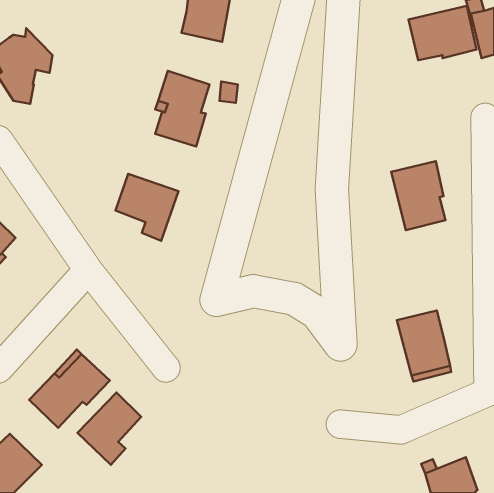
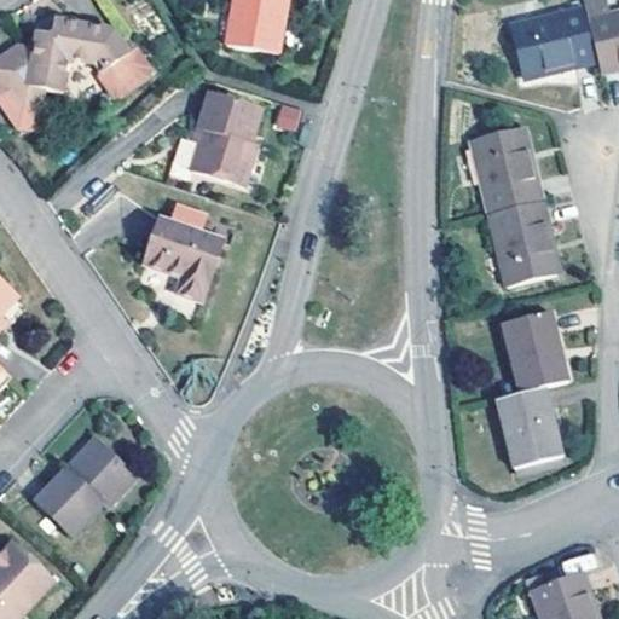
building: none -> [31,17,151,97]
building: none -> [470,127,542,212]
building: none -> [501,311,567,391]
building: [77,393,141,465] -> none

